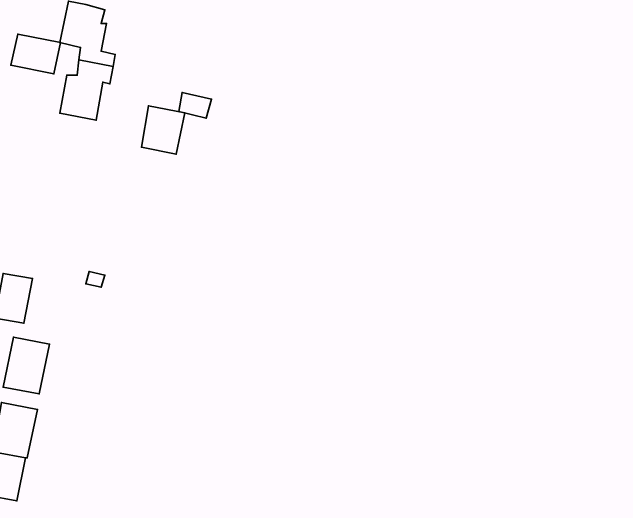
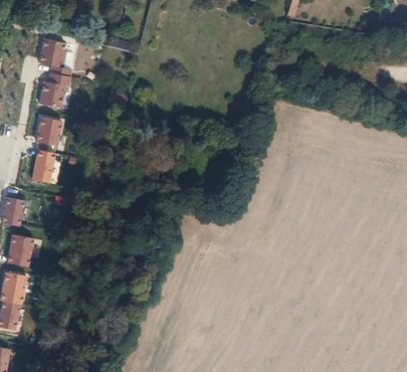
building: [11,34,60,74] -> none
building: [142,106,185,154] -> [36,117,61,145]
building: none -> [31,149,54,182]

